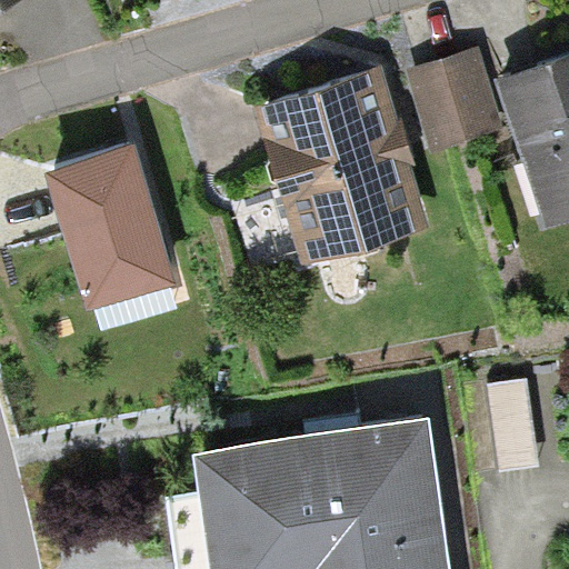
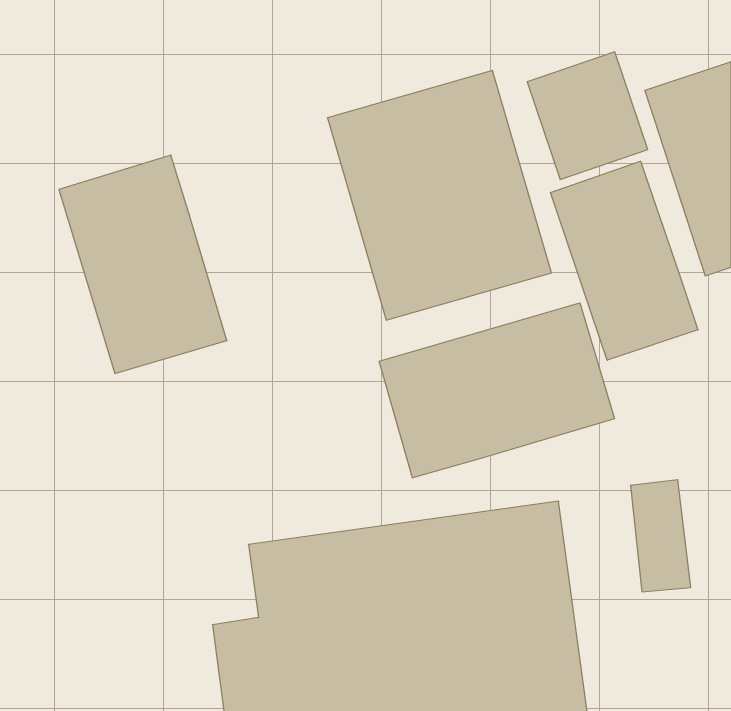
building: none -> [551,161,698,360]
building: none -> [379,303,615,478]

